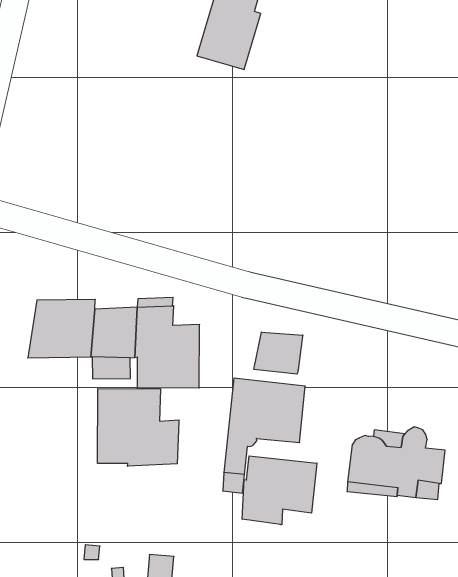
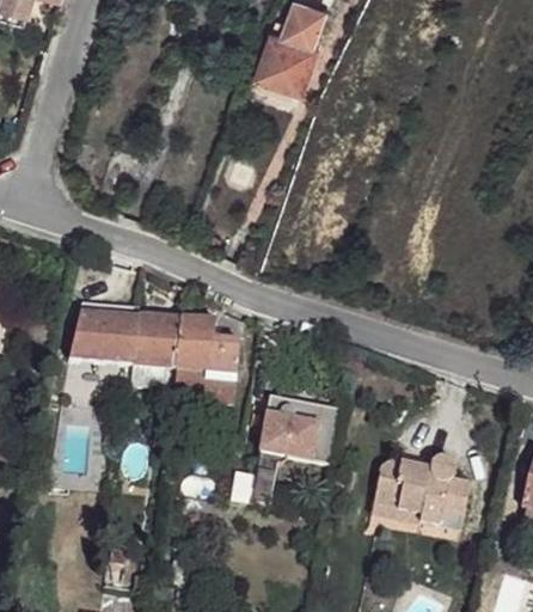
building: [254,332,303,374] -> none
building: [98,389,179,466] -> none
building: [242,456,317,525] -> none

